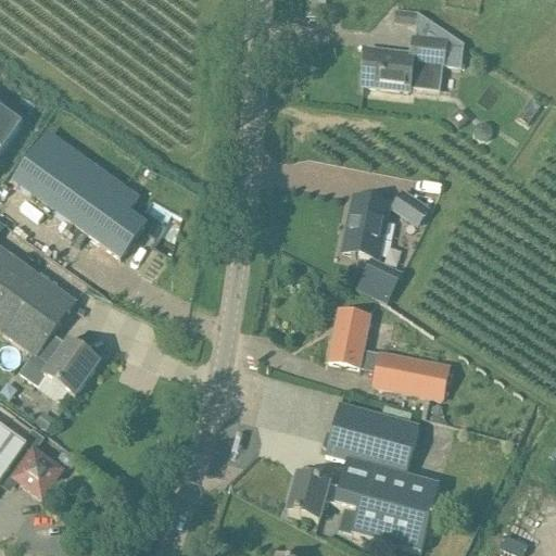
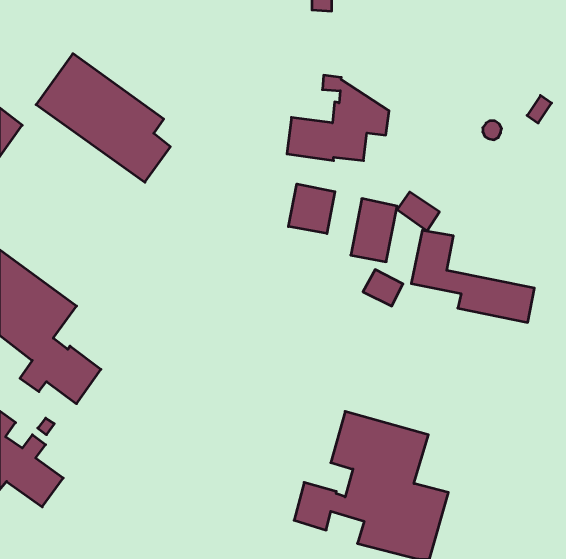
building: [364,7,464,90] -> [287,75,389,161]
building: [14,130,146,256] -> [36,54,170,182]
building: none -> [288,184,335,234]
building: [327,308,447,399] -> [411,230,534,322]

